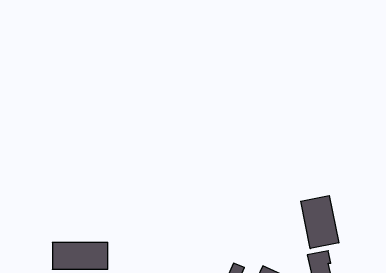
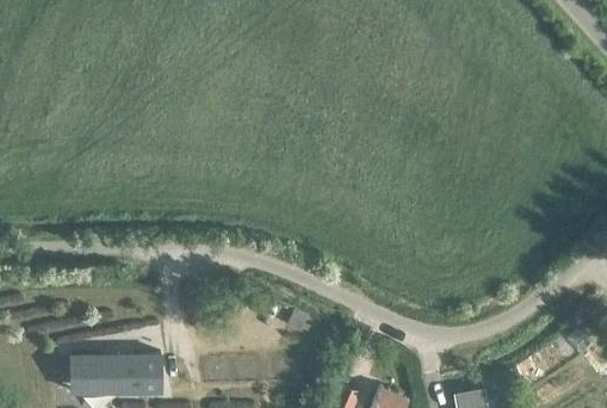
building: [301,196,339,249] -> none

